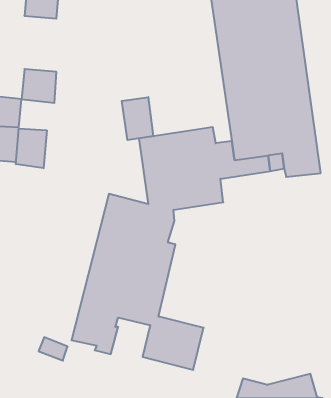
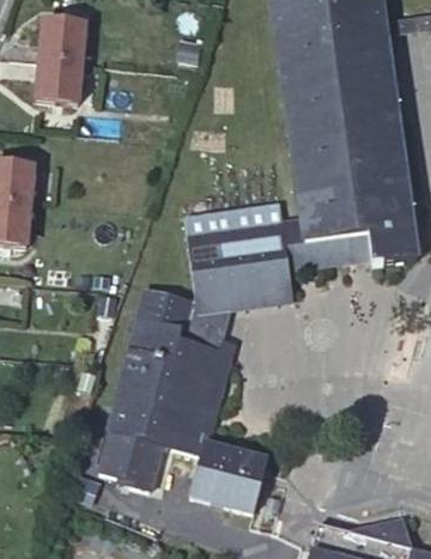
building: [22,69,56,103] -> [35,59,79,102]
building: [122,97,153,140] -> none
building: [16,129,47,168] -> none

